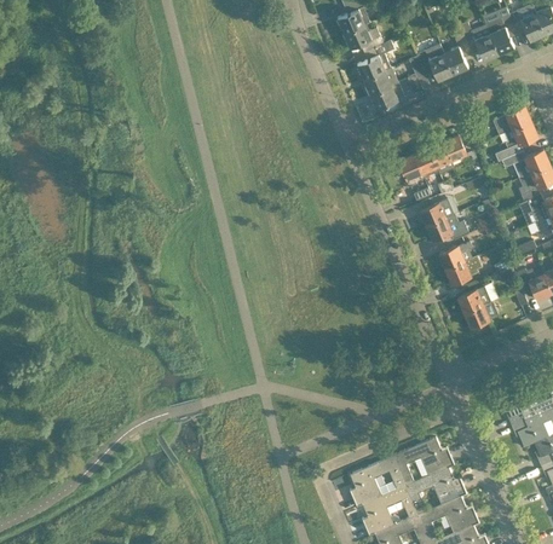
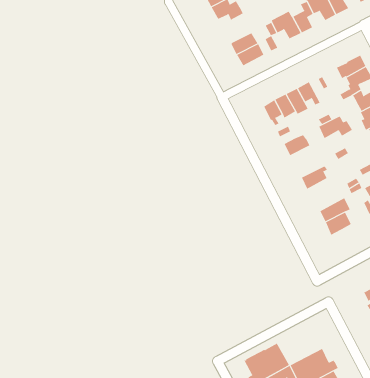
building: [358,41,394,81] -> none
building: [427,214,470,242] -> [318,115,353,139]
building: [445,256,483,284] -> none
building: [393,439,455,486] -> none

